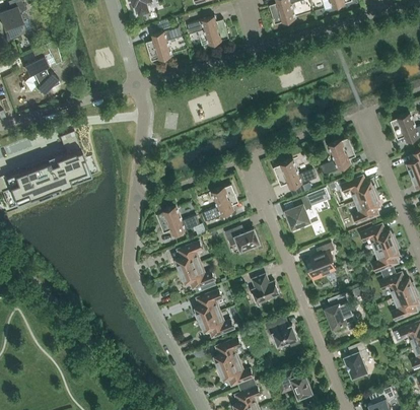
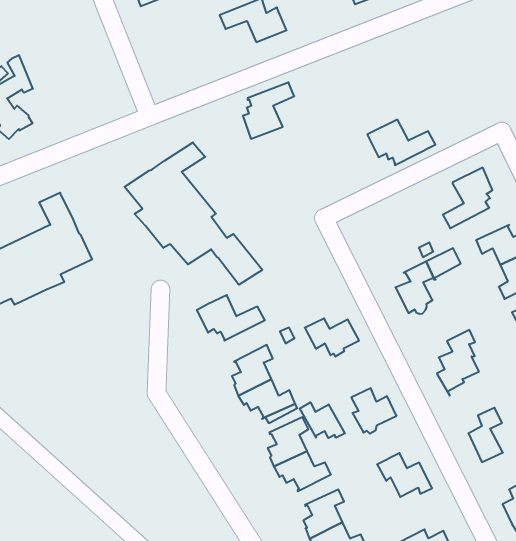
building: [147,26,182,61] -> [243,82,294,139]
building: none -> [125,142,262,285]
building: [273,159,317,189] -> [367,120,435,165]
building: [204,184,237,221] -> none
building: none -> [300,402,345,438]

